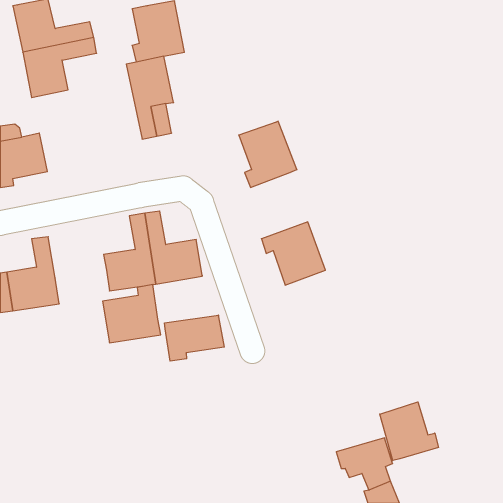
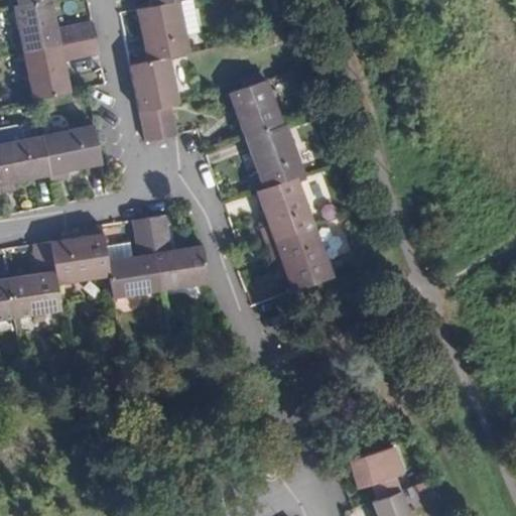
building: none -> [230,81,283,138]
building: none -> [41,125,102,181]
building: none -> [257,176,315,244]
building: [103,284,161,343] -> [50,225,110,284]
building: [165,315,224,361] -> none
building: [380,402,439,461] -> none

